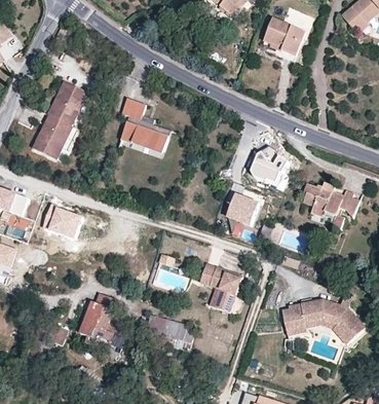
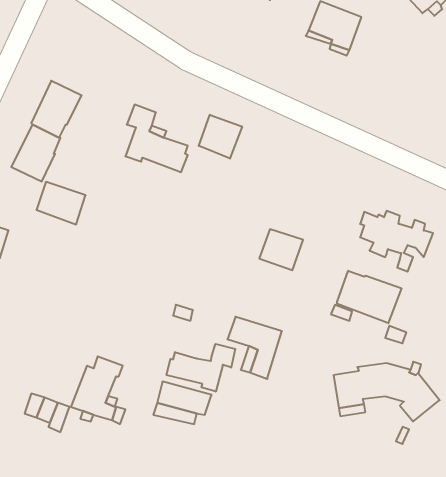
building: none -> [199,115,242,159]
building: [255,147,291,187] -> none
building: [43,207,81,240] -> [36,182,86,224]
building: none -> [337,271,401,323]
building: none -> [167,344,235,392]

